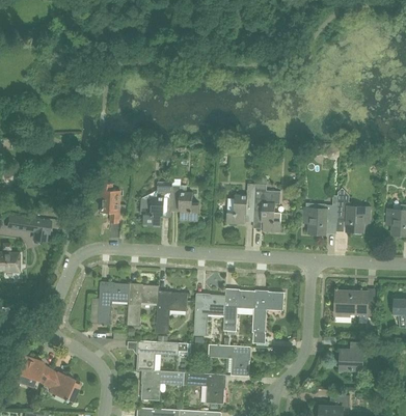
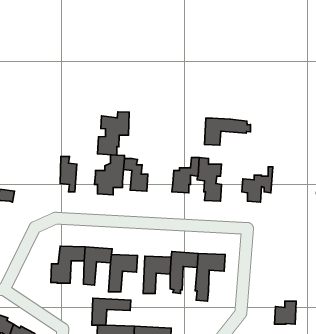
building: none -> [98,112,129,155]
building: none -> [205,118,251,145]
building: [335,187,370,232] -> none
building: [334,292,375,317] -> none
building: [208,343,250,376] -> none

